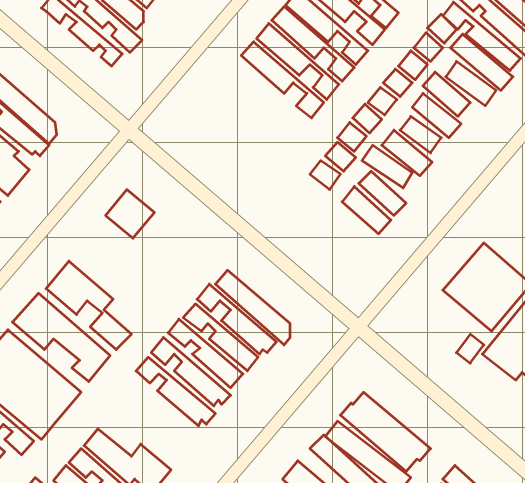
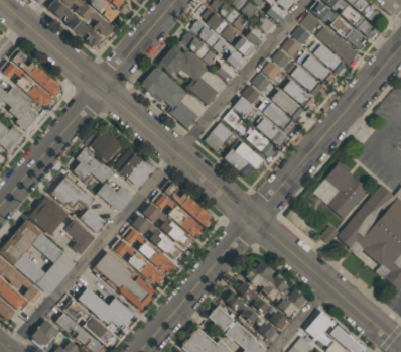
building: none -> [160,44,218,104]
building: none -> [143,69,197,128]
building: none -> [205,123,232,151]
building: none -> [225,141,265,175]
building: none -> [72,148,132,210]
building: none -> [120,153,155,189]
building: none -> [96,251,154,307]

